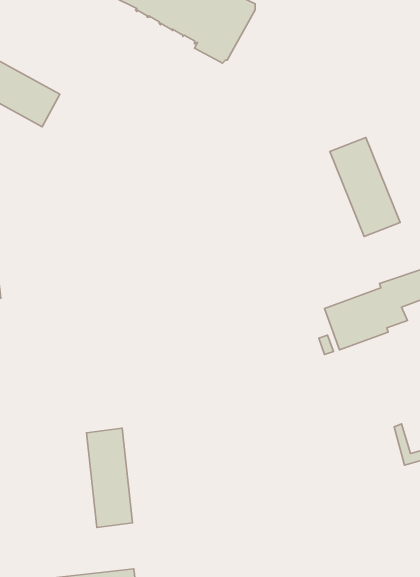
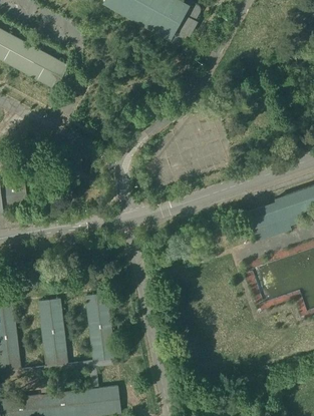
building: [330,137,400,237] -> none
building: none -> [39,299,72,367]

